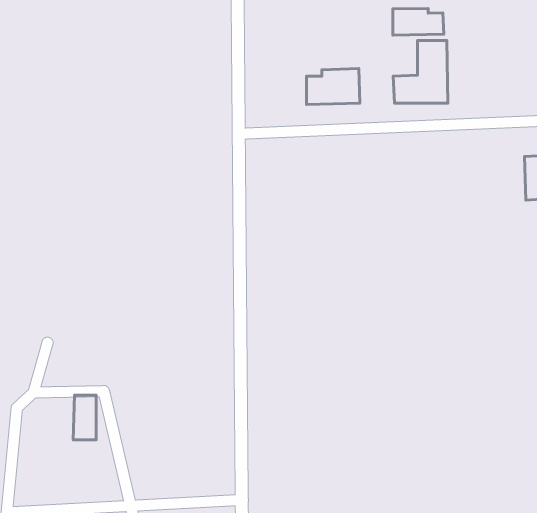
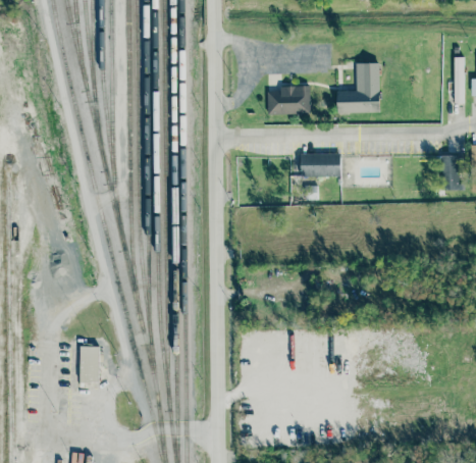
building: [393,8,444,35] -> none
building: none -> [301,154,340,177]

